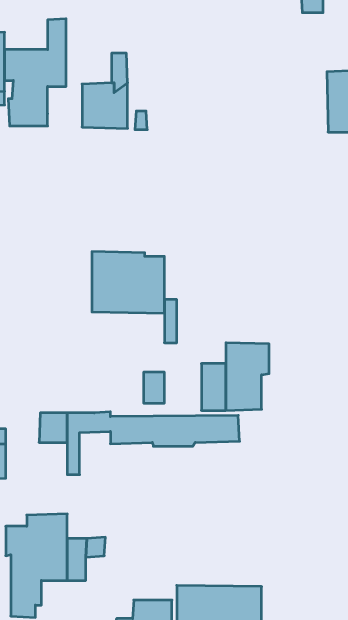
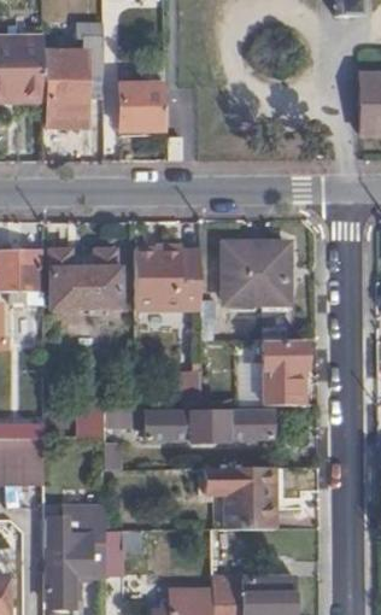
building: none -> [224,244,288,304]
building: none -> [46,253,112,308]
building: none -> [204,468,276,529]

